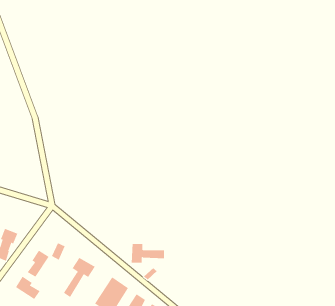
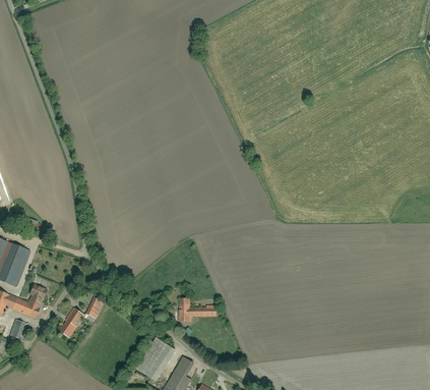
building: [63,257,96,298] -> none
building: [15,276,41,300] -> none

